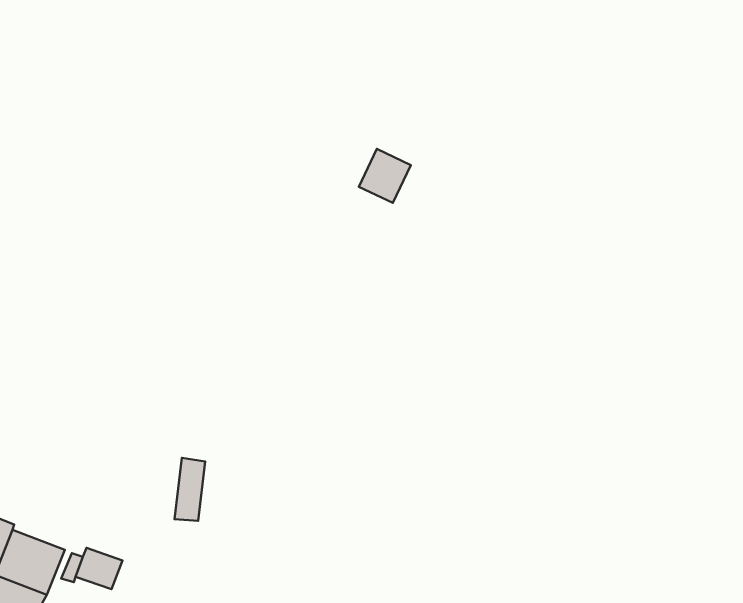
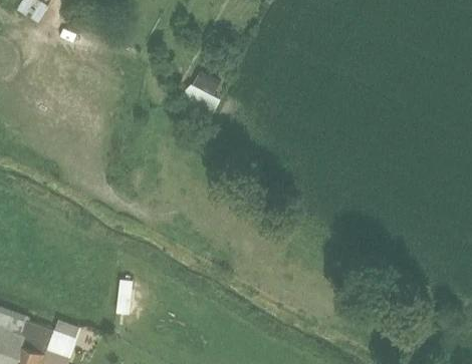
building: [359,149,411,203] -> [190,73,219,103]

